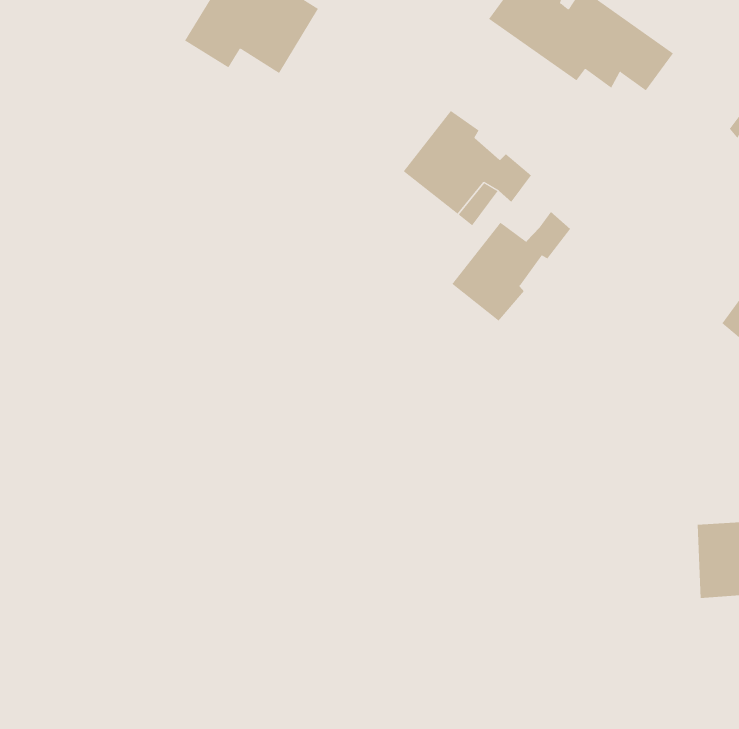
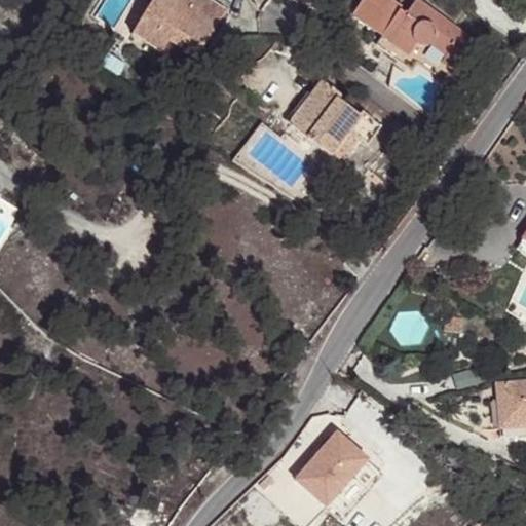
building: [451,211,571,321] -> none
building: none -> [293,423,379,511]

